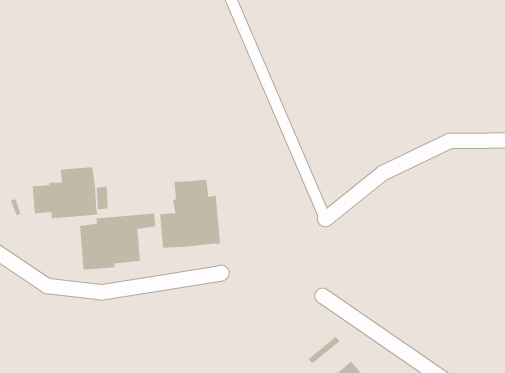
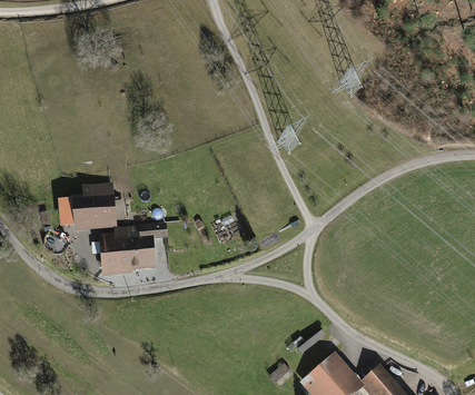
building: [159,179,221,248] -> none

